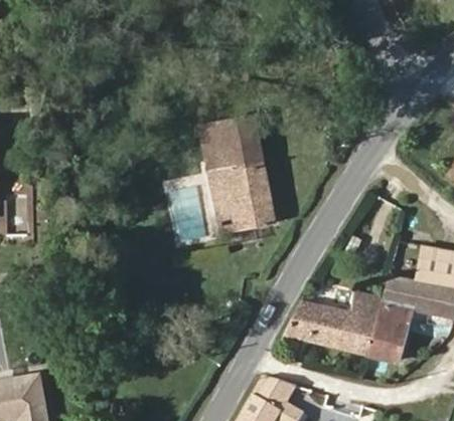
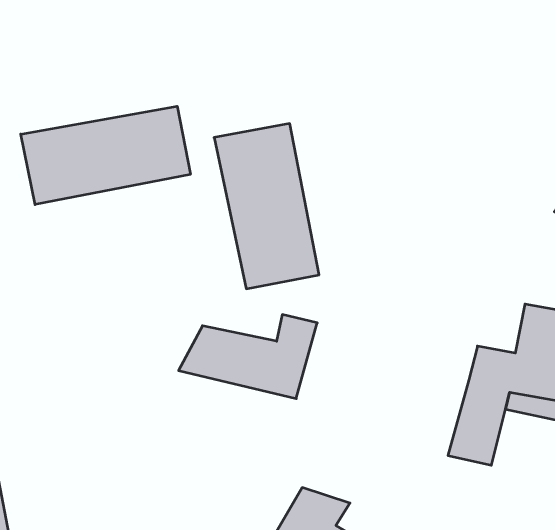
building: none -> [21,106,190,205]
building: [283,292,383,353] -> [179,315,317,399]

